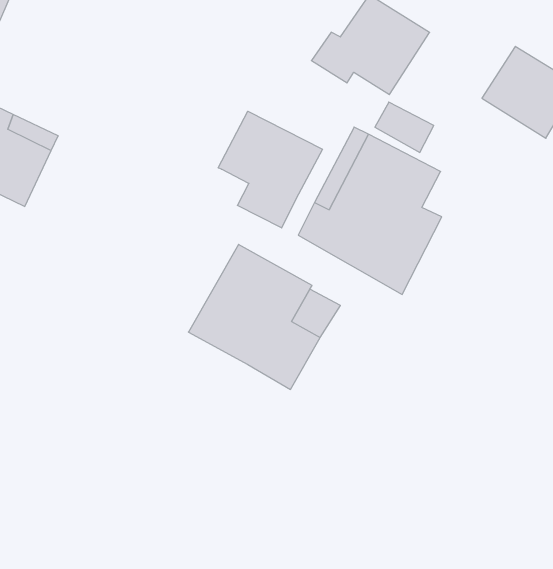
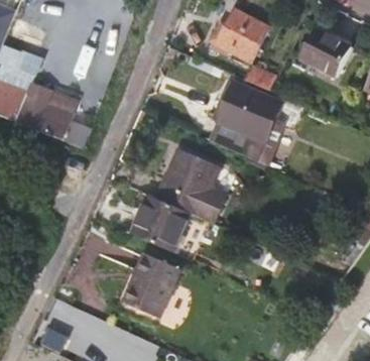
building: [218,111,322,228] -> none
building: none -> [131,194,202,260]
building: none -> [122,252,179,317]

